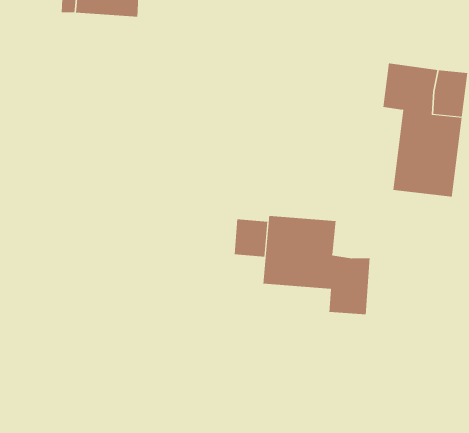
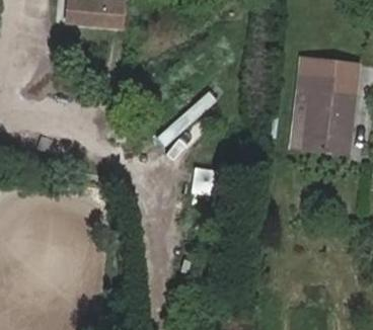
building: [263,215,370,315] -> none

